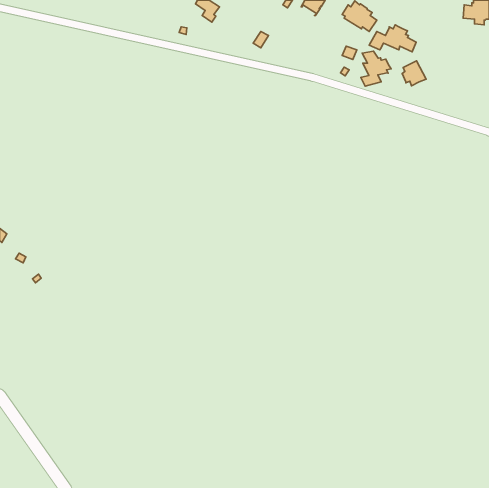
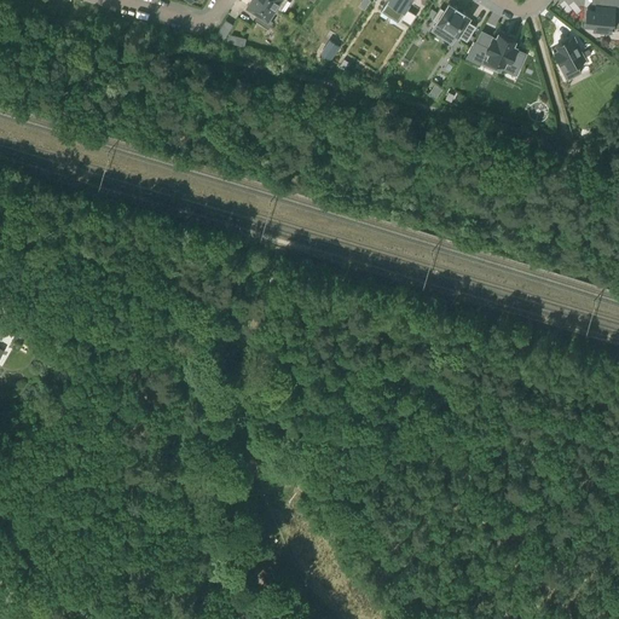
building: [361,51,391,86] -> none
building: [402,61,426,86] -> [554,39,584,70]

